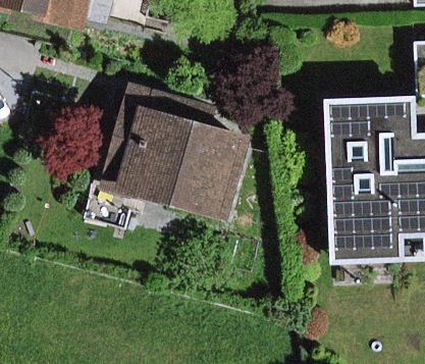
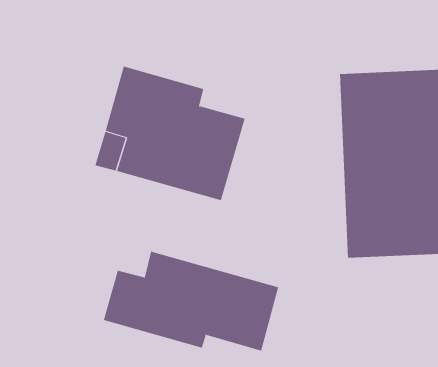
building: none -> [103,251,279,351]

